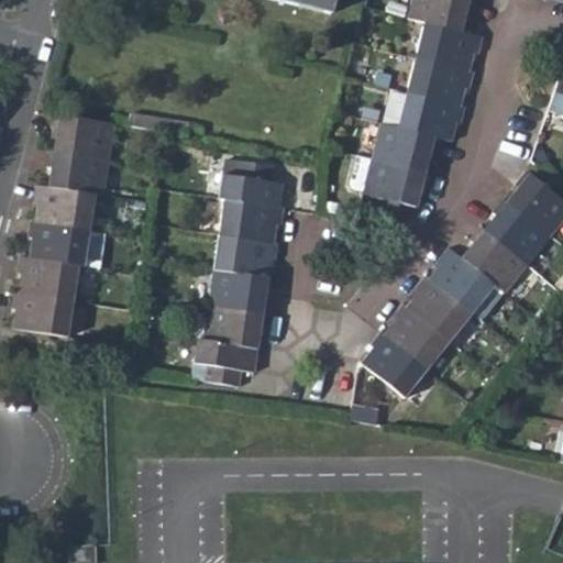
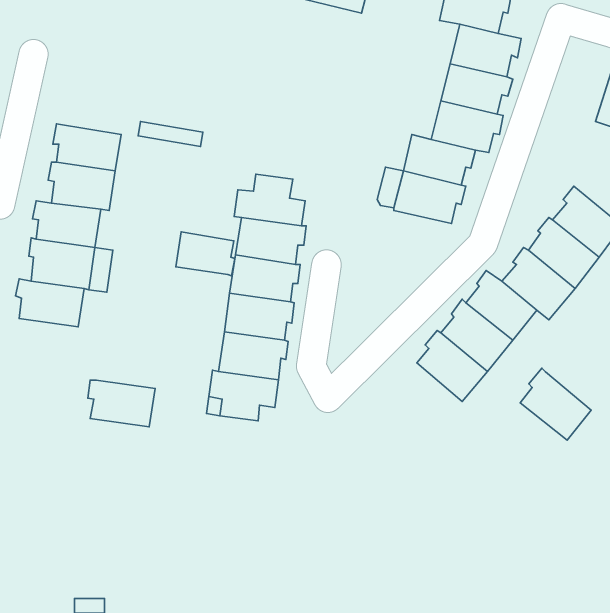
building: none -> [176,232,235,276]
building: [13,291,75,334] -> [88,380,155,427]
building: [362,329,427,395] -> [520,368,591,440]

